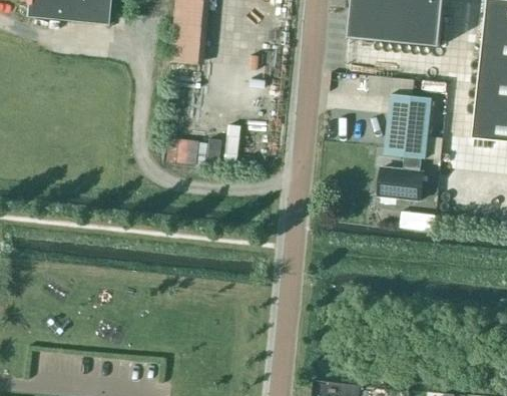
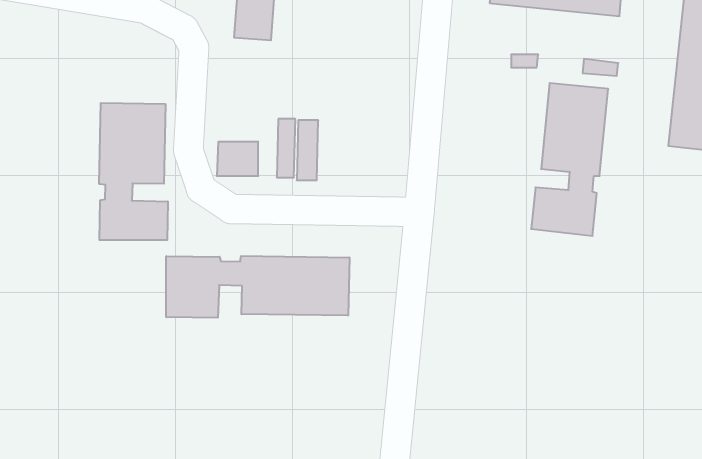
building: none -> [99,103,168,240]
building: none -> [166,256,349,318]

